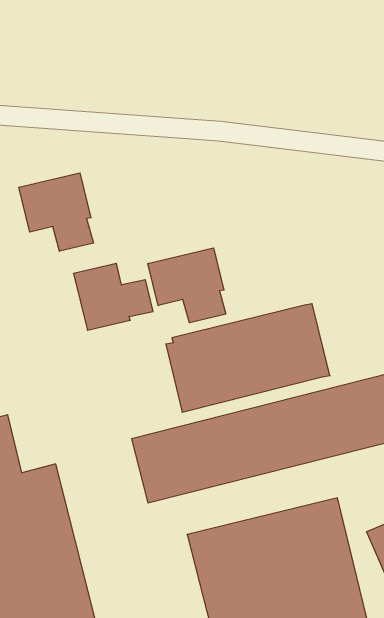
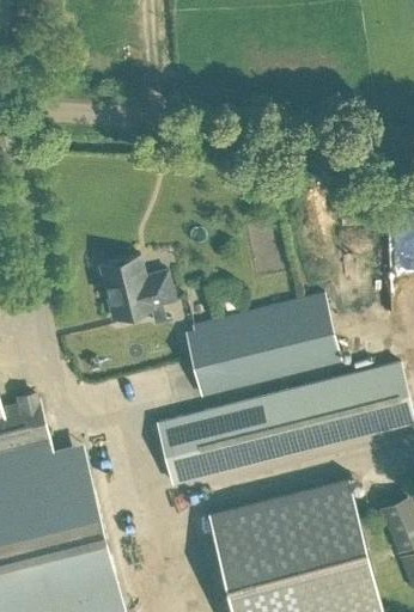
building: [19,173,93,251] -> none
building: [148,248,226,323] -> none

